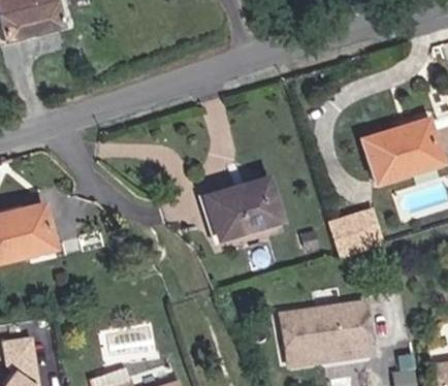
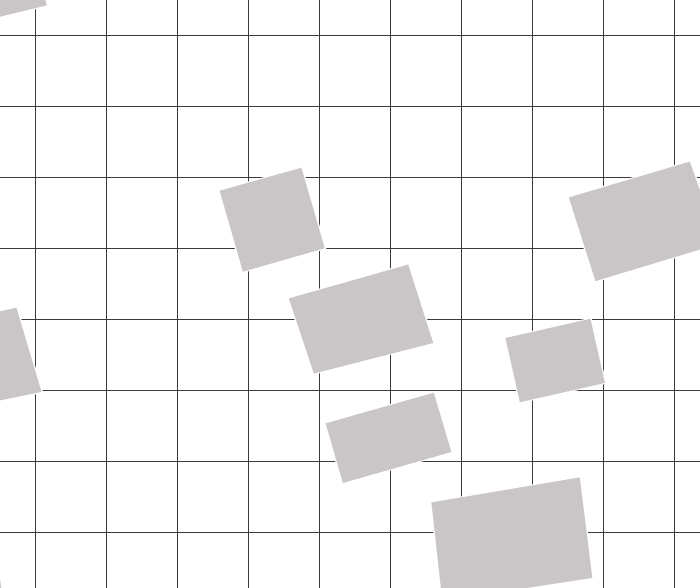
building: none -> [219,167,326,273]
building: none -> [325,392,452,484]

